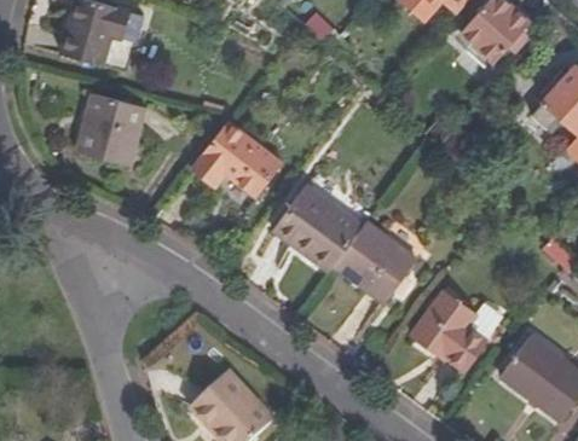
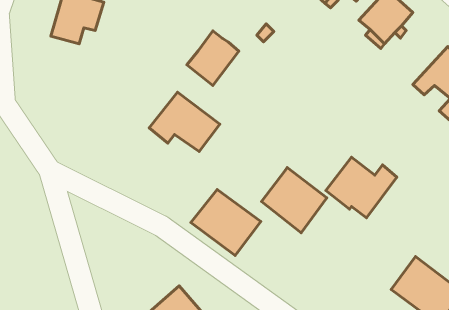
building: none -> [187,31,239,85]
building: [77,92,145,164] -> none
building: [276,182,365,267] -> [191,189,261,256]
building: [412,291,503,369] -> [326,157,397,218]

